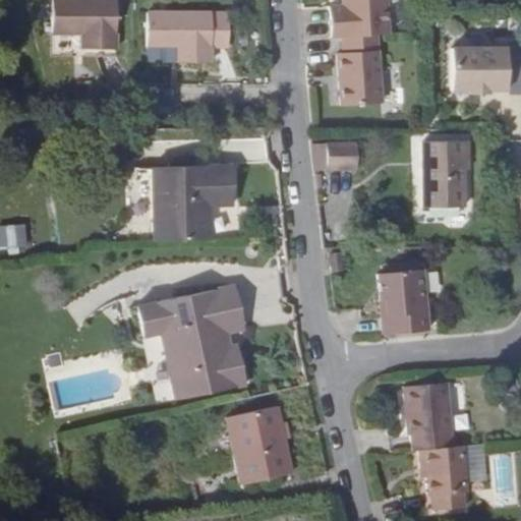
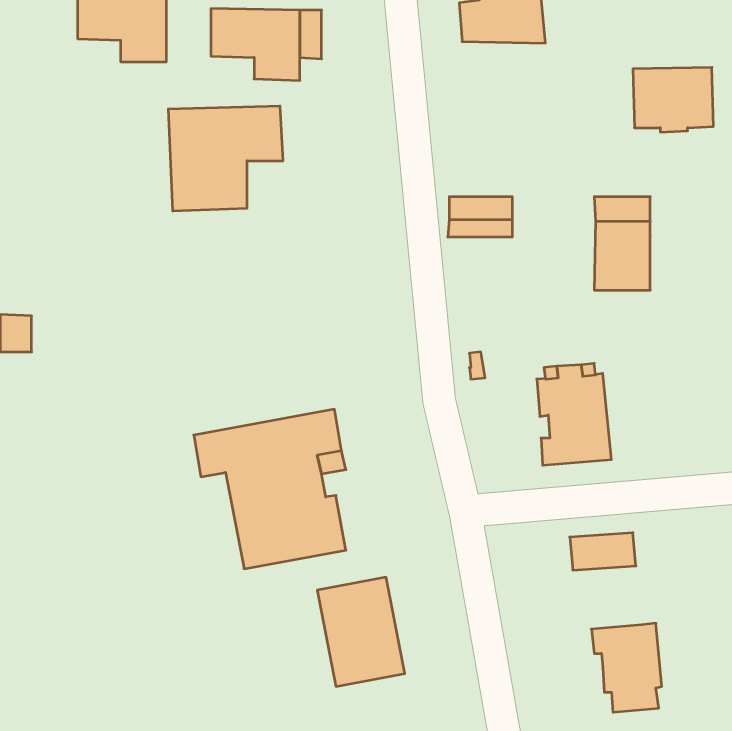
building: [334,35,379,105] -> none
building: [157,166,238,240] -> [168,106,283,211]
building: [407,401,456,447] -> none

